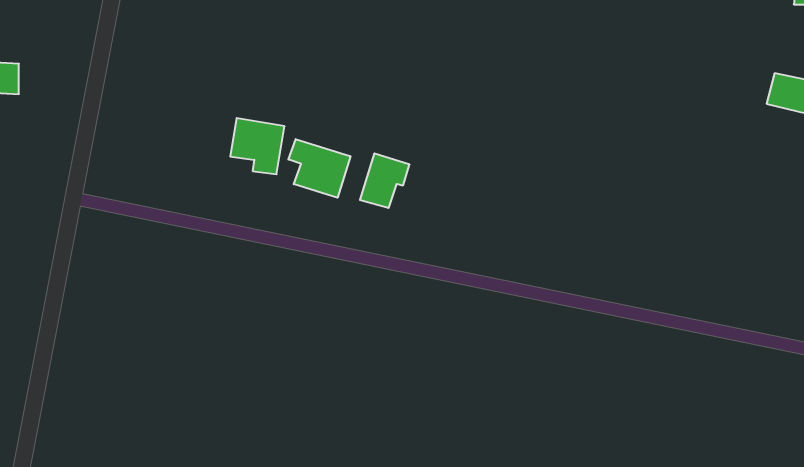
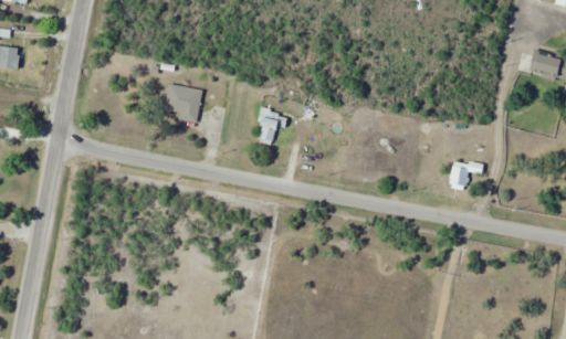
building: [288,139,350,198] -> none
building: none -> [448,159,482,190]

